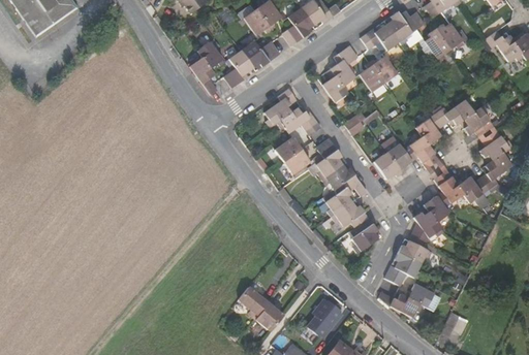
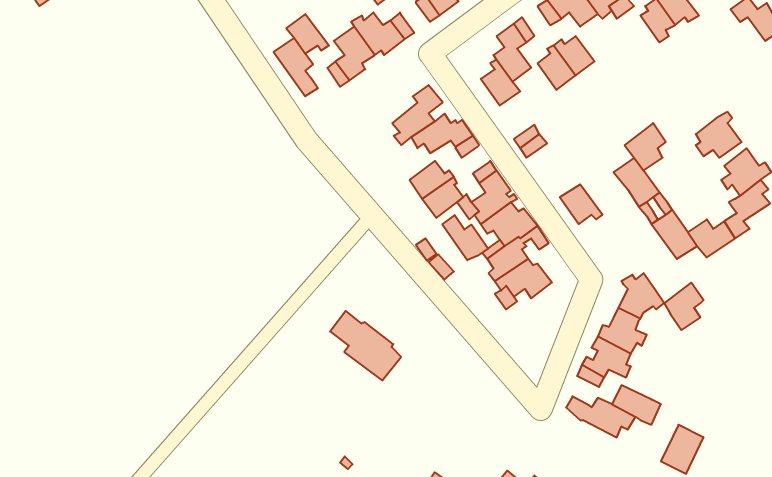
building: [436,99,477,125] -> none
building: [382,135,419,172] -> none
building: none -> [442,215,488,260]
building: [426,190,452,221] -> [664,283,704,330]
building: [353,217,380,253] -> none
building: [239,284,285,329] -> [330,311,401,380]
building: [310,297,344,334] -> none

